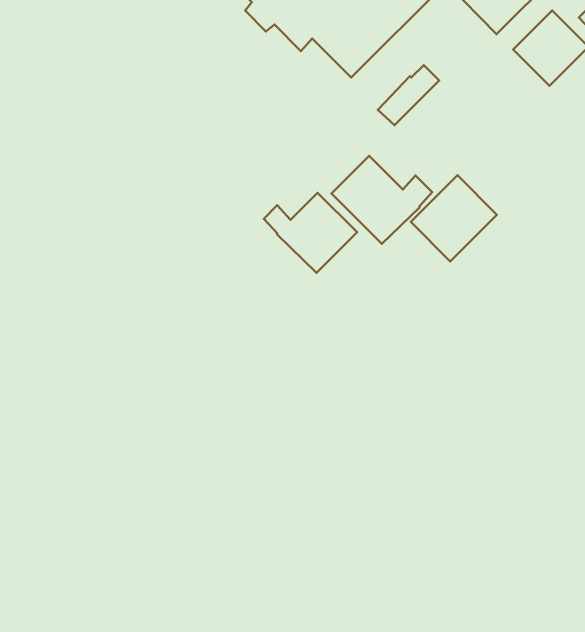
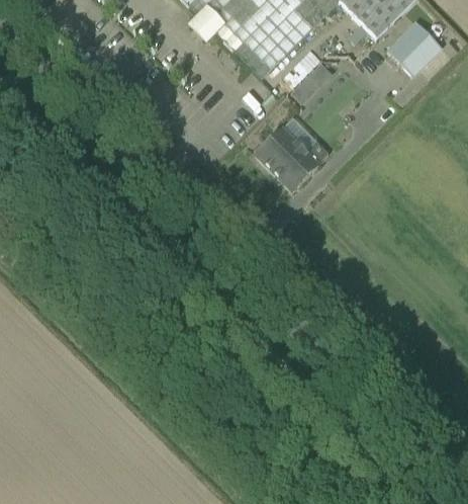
building: [411,175,497,261] -> none
building: [264,193,357,273] -> none

